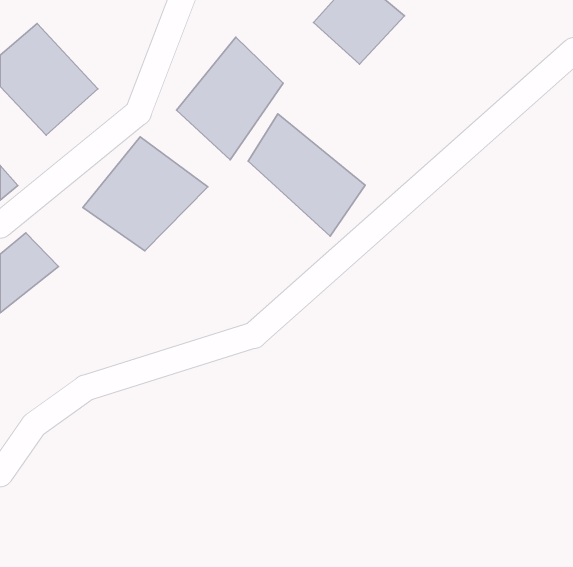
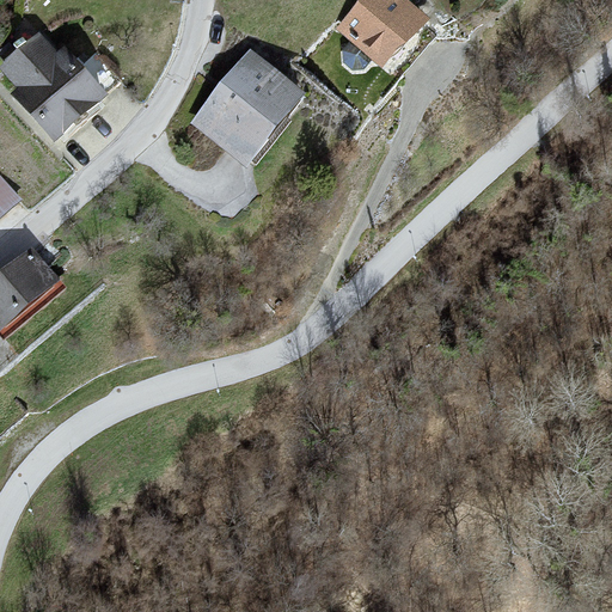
building: [248,114,365,236] -> none
building: [83,137,208,251] -> none

